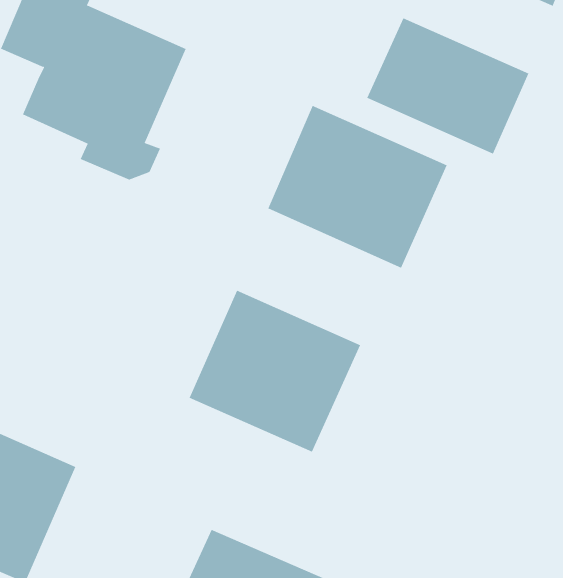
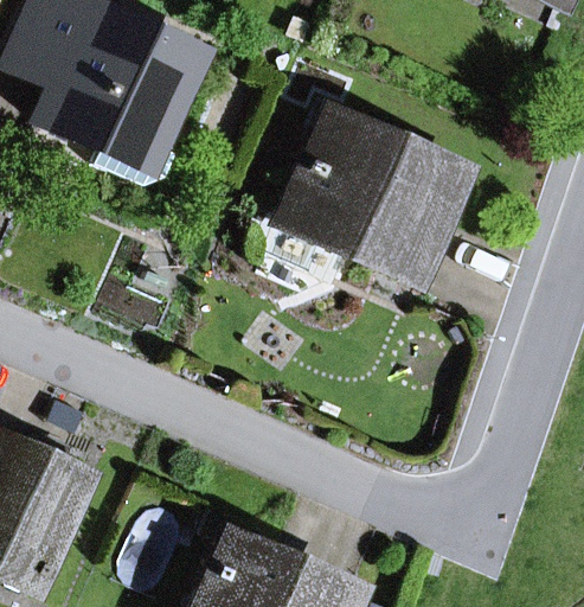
building: [366,18,529,154] -> none
building: [189,290,361,452] -> none

